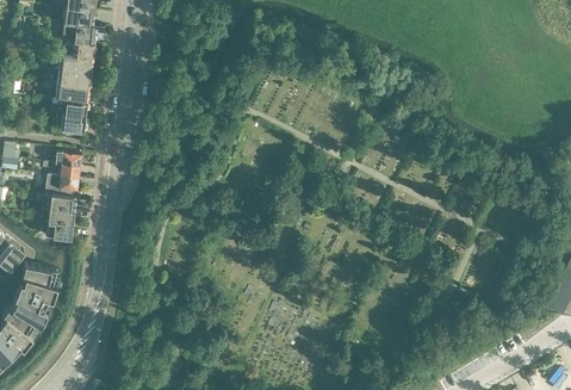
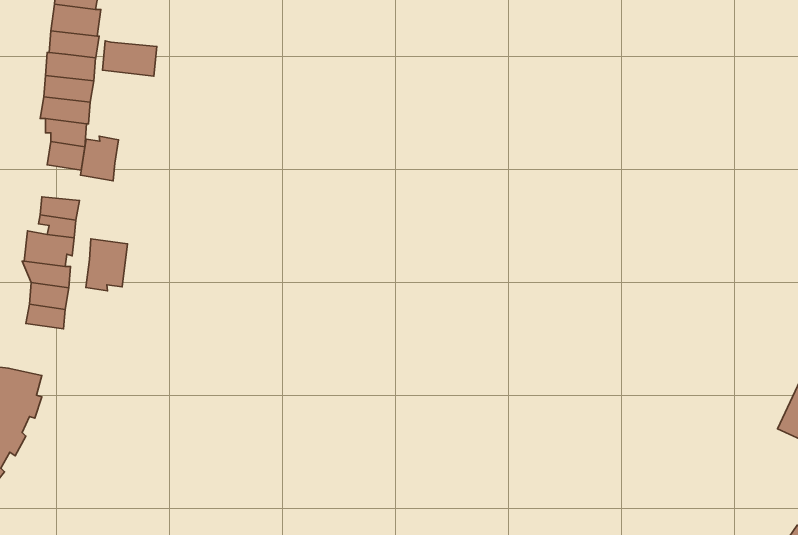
building: none -> [102,41,157,76]
building: none -> [80,136,118,181]
building: none -> [86,239,128,291]

